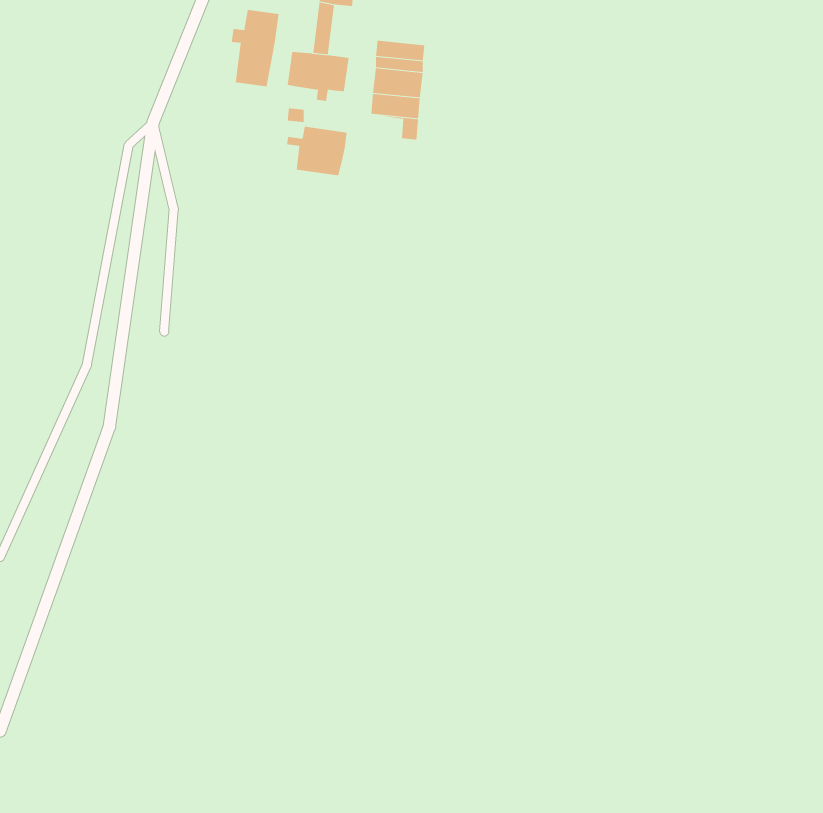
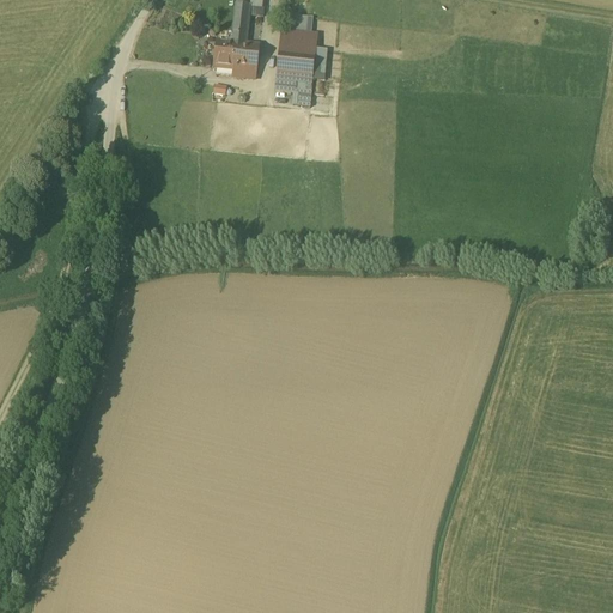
building: [231,9,279,87] -> none
building: [287,126,347,176] -> none

